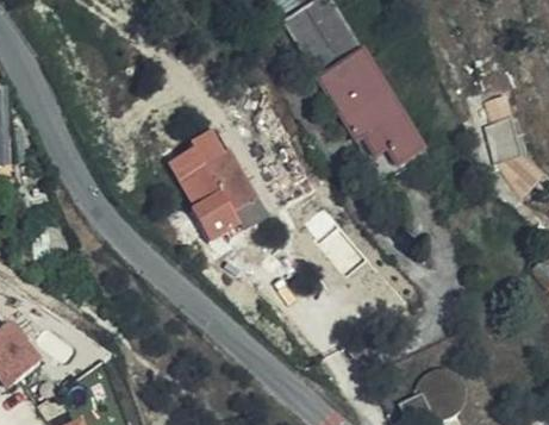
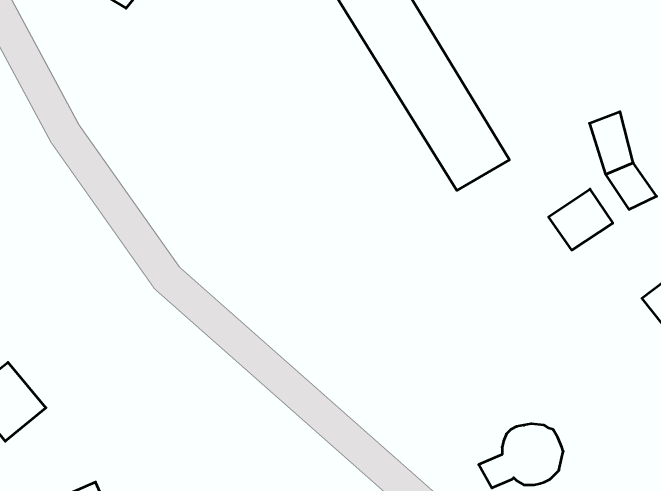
building: [171,129,264,238] -> none
building: none -> [549,189,613,250]

